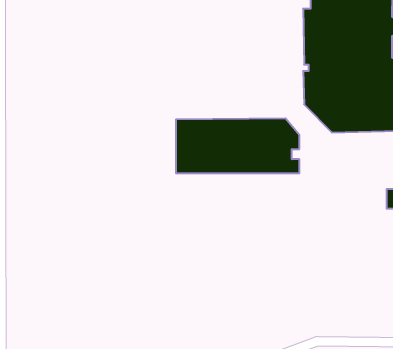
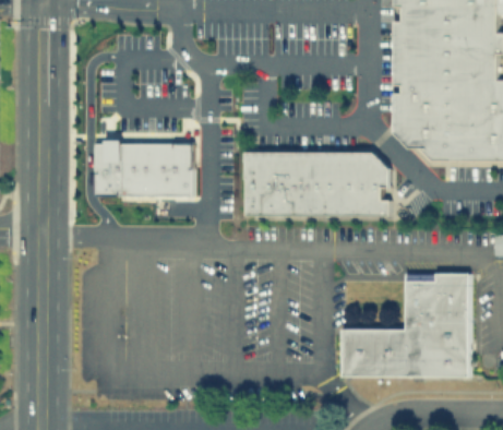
building: none -> [94,139,192,196]
building: none -> [342,273,468,377]

